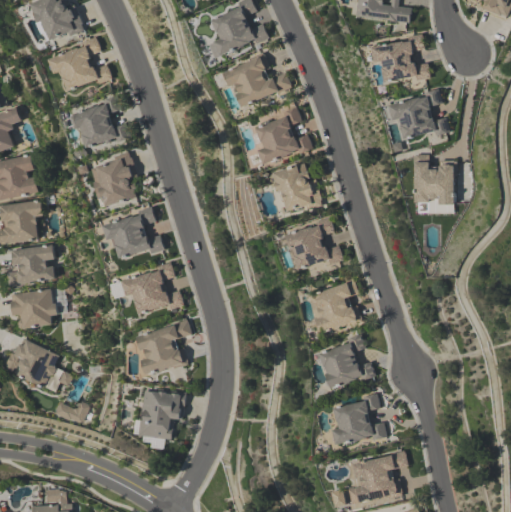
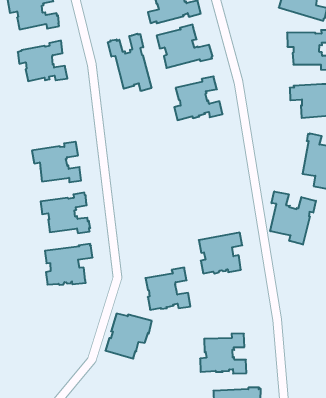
building: none -> [108,34,151,91]
building: [91,152,138,207] -> none
building: [272,164,321,212] -> none
building: [285,218,342,269] -> none
building: none -> [270,191,316,245]
building: [318,334,374,388] -> [145,268,190,310]
building: [138,390,185,439] -> [105,314,152,359]

